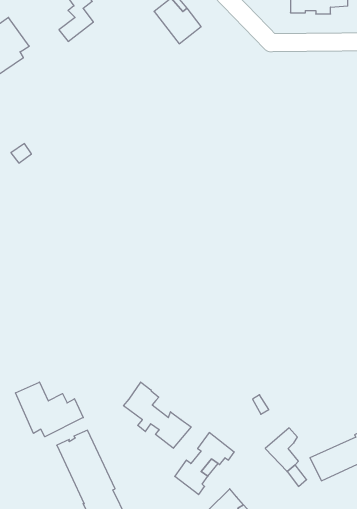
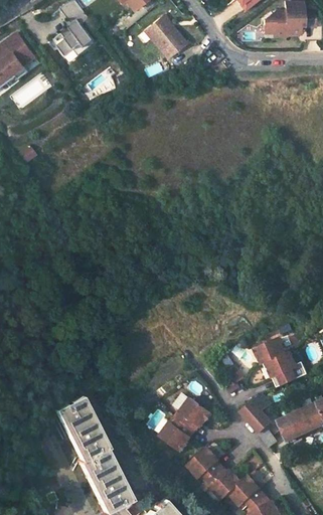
building: none -> [254,338,298,385]
building: [16,382,83,437] -> none
building: [124,382,191,448] -> none

